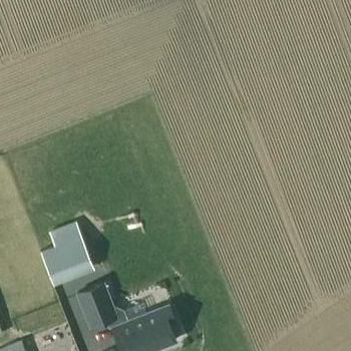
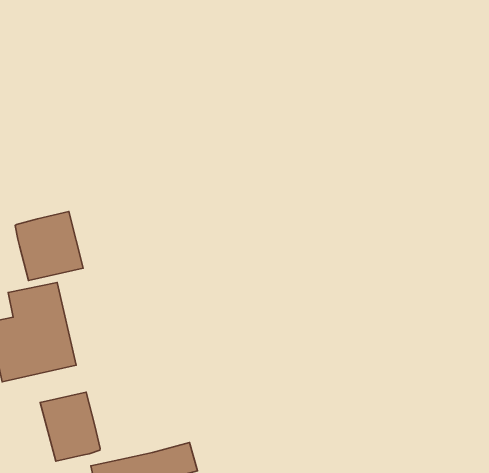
building: none -> [15,212,83,280]

